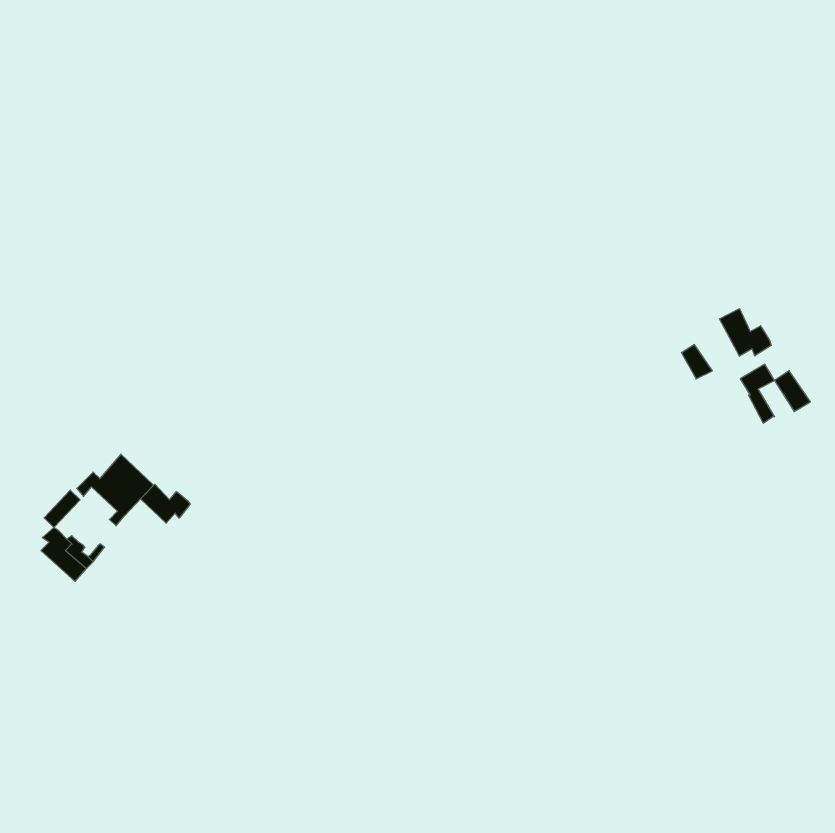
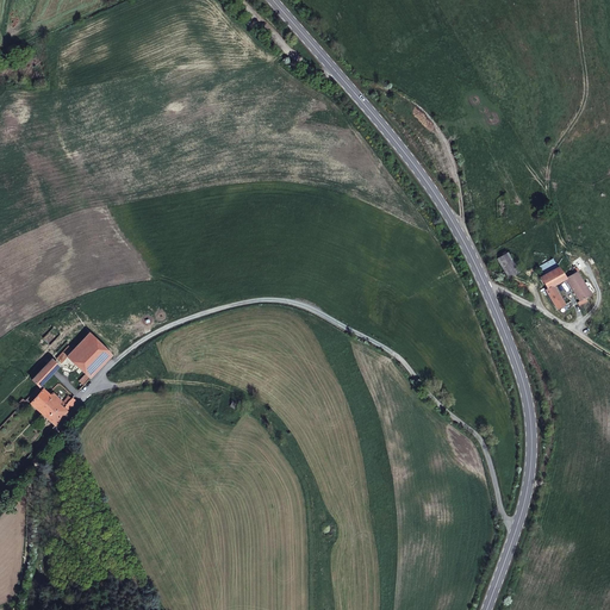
building: [720,309,771,356] -> none
building: [140,484,190,523] -> none

